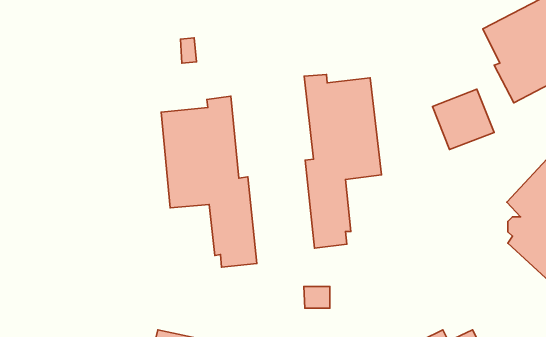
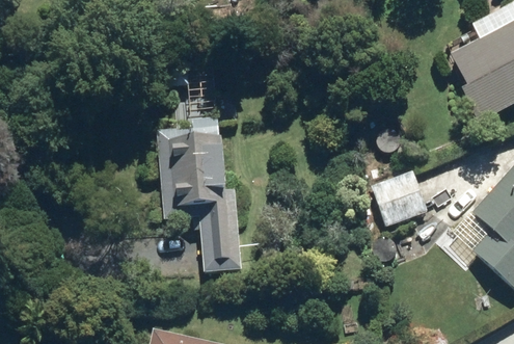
building: [304,75,381,248] -> none
building: [432,89,494,150] -> [372,170,428,226]

